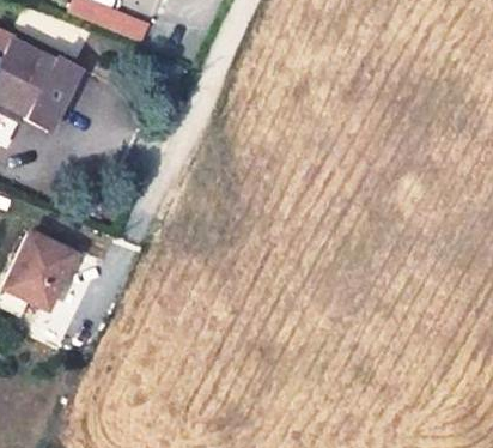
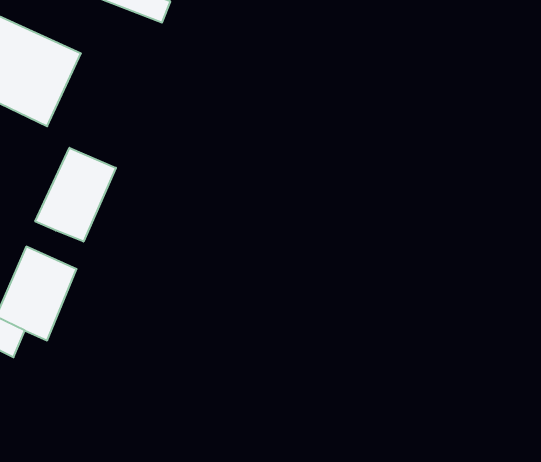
building: none -> [35,148,116,242]

